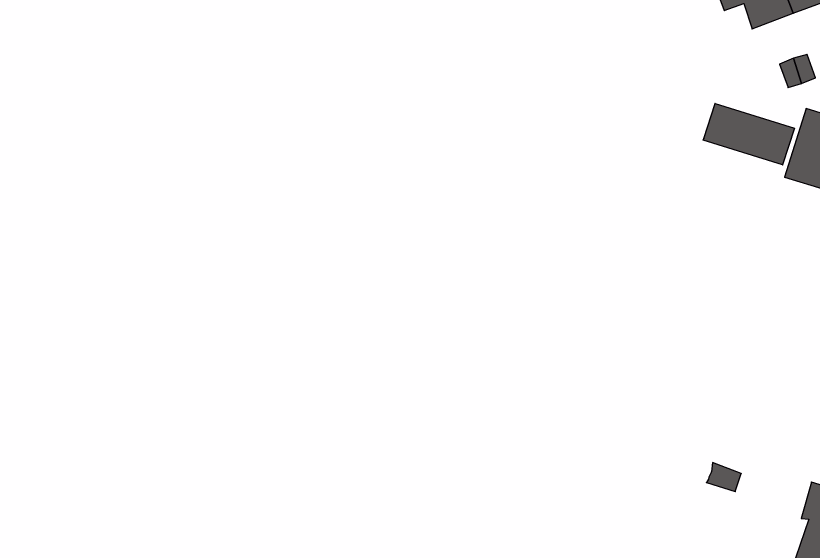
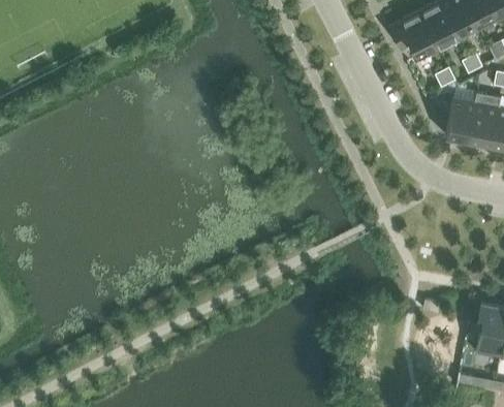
building: [703,103,795,165] -> none

